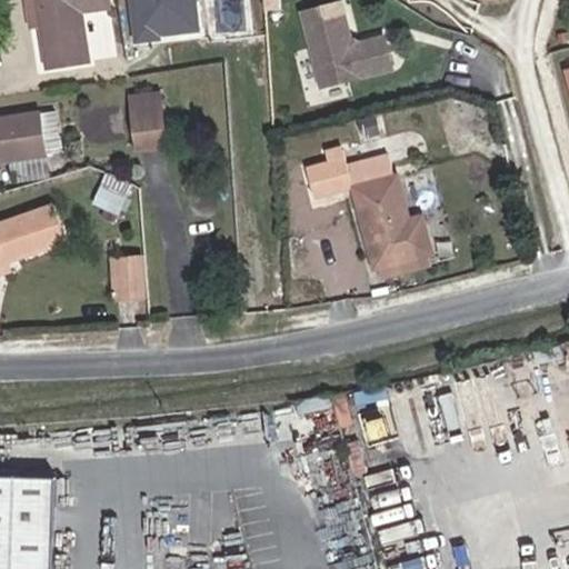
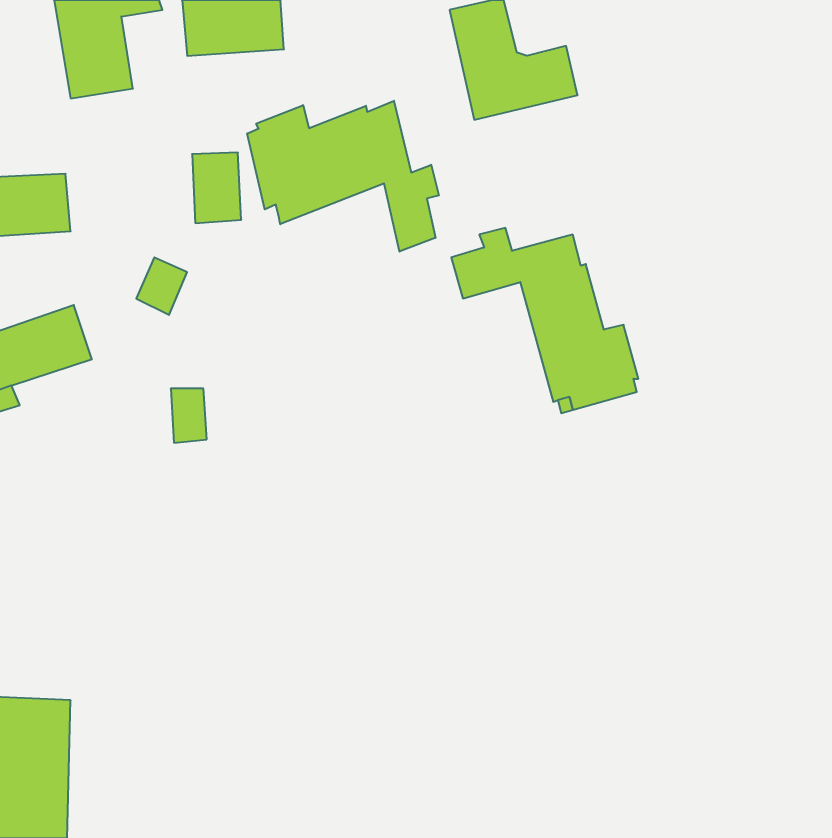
building: none -> [247,101,439,252]

